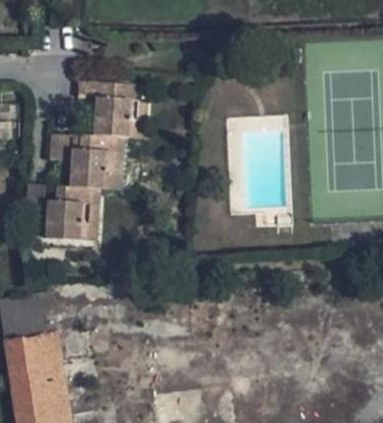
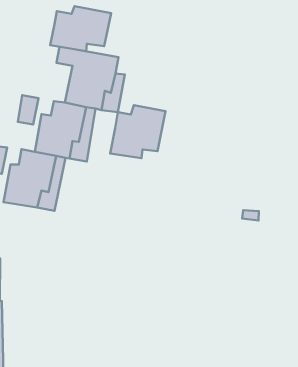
building: none -> [50,6,111,51]
building: none -> [110,105,166,158]

